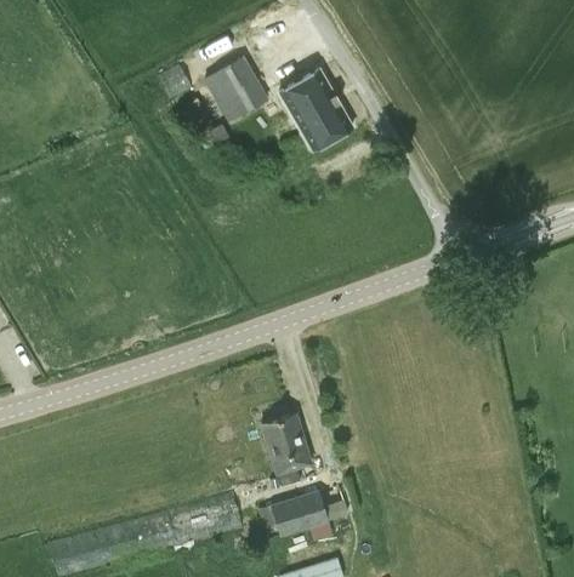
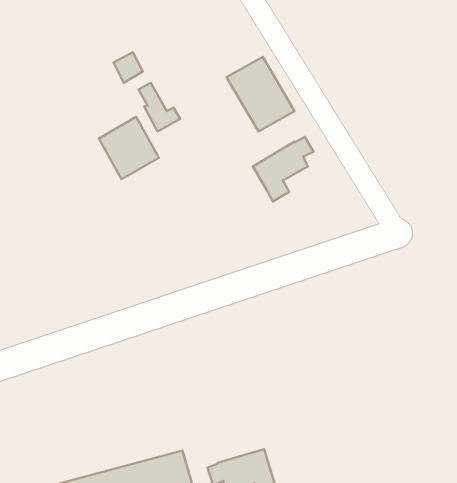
building: [204,56,268,122] -> [99,117,159,179]
building: none -> [253,137,313,201]
building: [261,413,311,486] -> none

